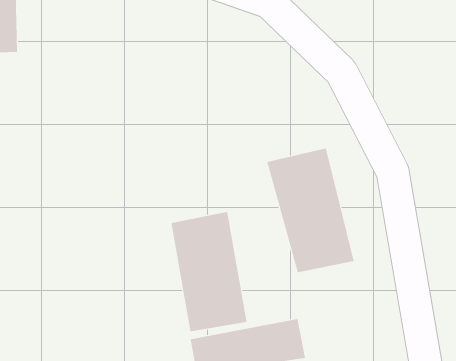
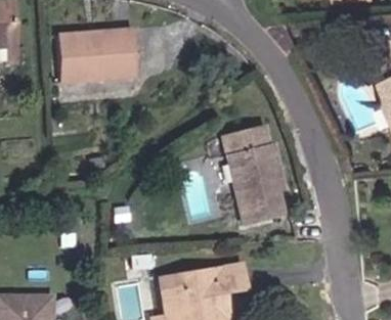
building: none -> [59,27,141,79]
building: [171,211,247,332] -> none

